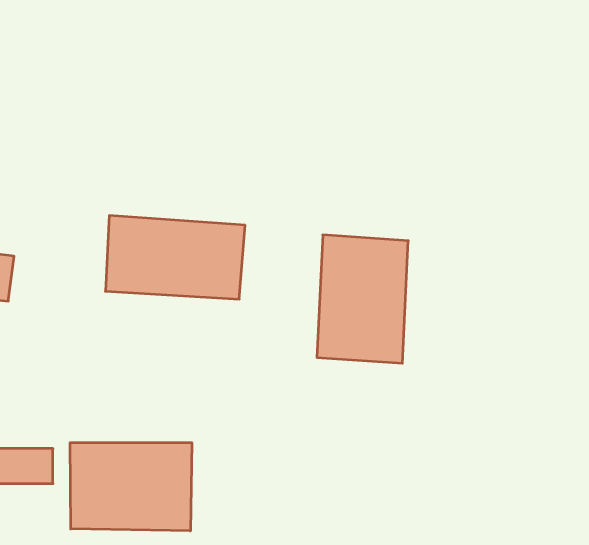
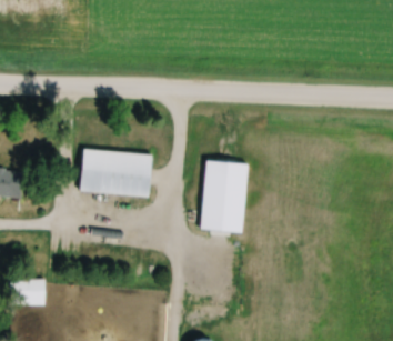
building: [70,443,192,531] -> none

